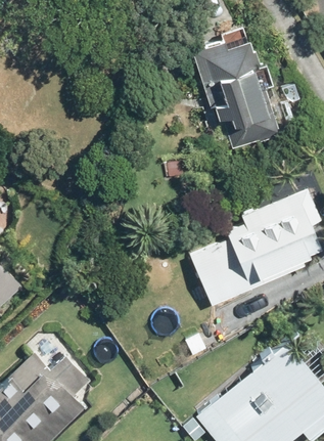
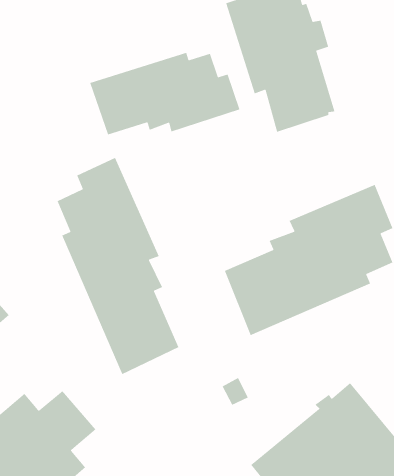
building: none -> [89,52,240,136]
building: none -> [56,157,179,375]

